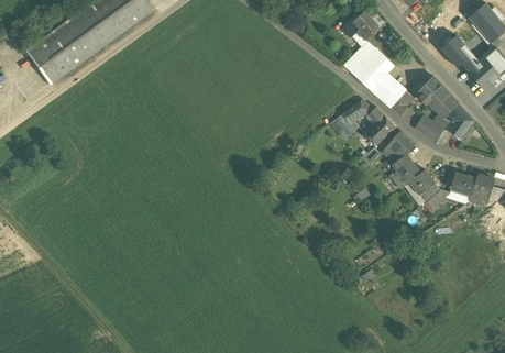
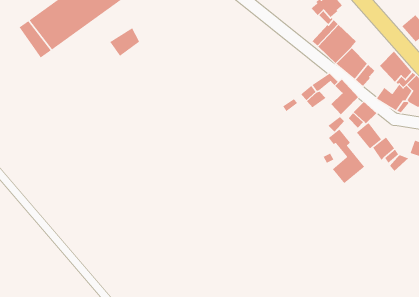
building: none -> [109,27,140,57]
building: none -> [328,128,365,184]

